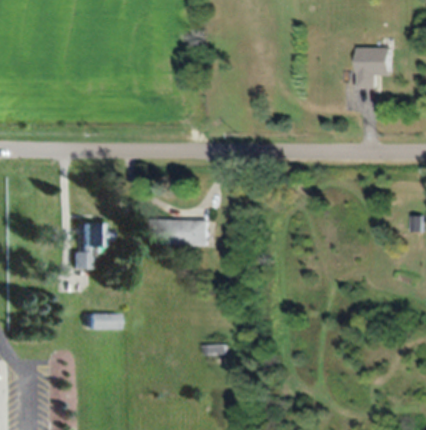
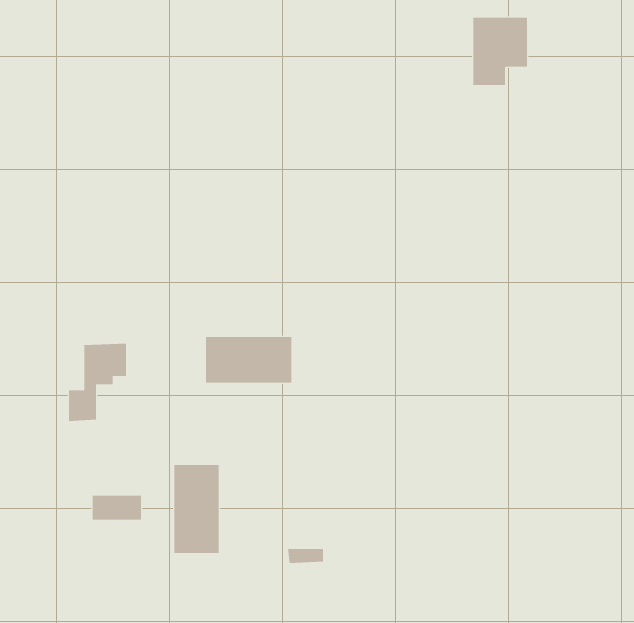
building: [357,47,390,88] -> [473,17,528,86]
building: none -> [174,464,219,554]

